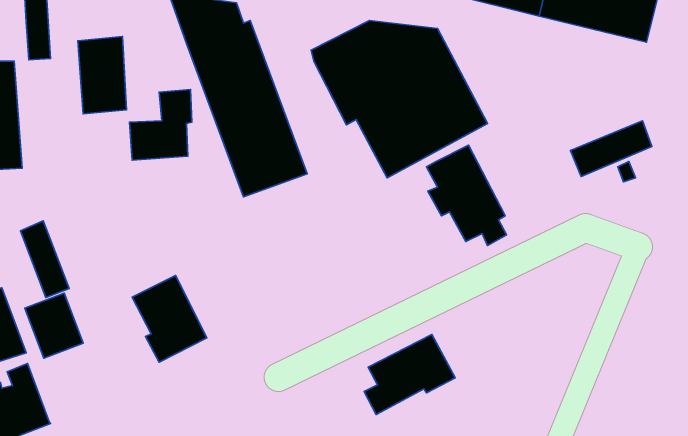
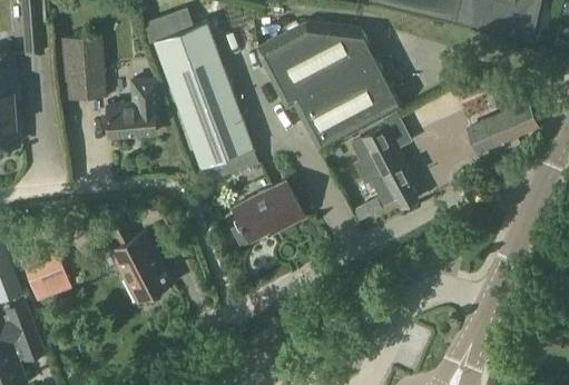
building: [21,221,69,297] -> none
building: [364,335,455,415] -> [229,182,304,248]

